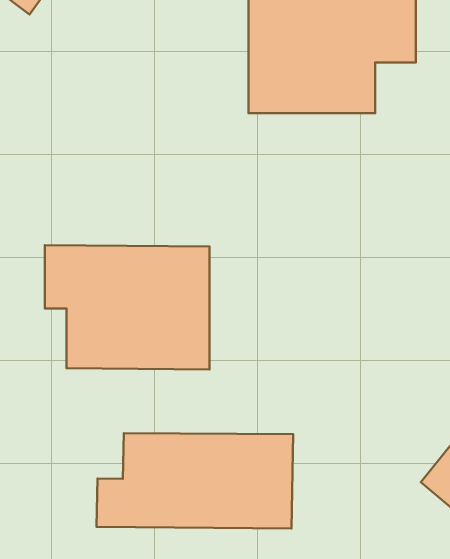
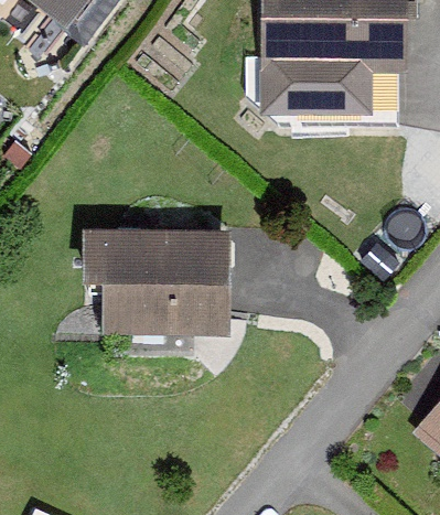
building: [96,433,293,528] -> none

